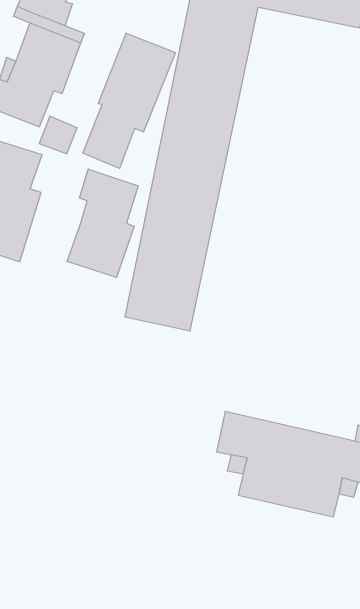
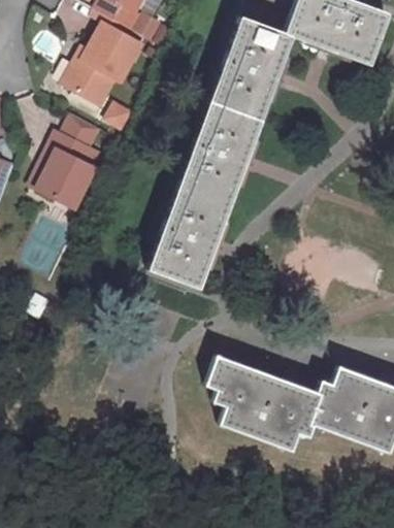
building: [83,33,176,169] -> none
building: [67,169,138,278] -> none

